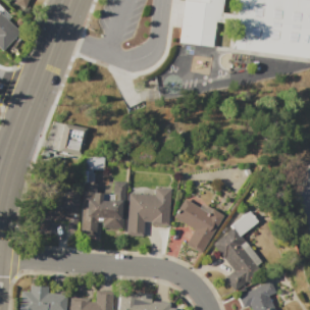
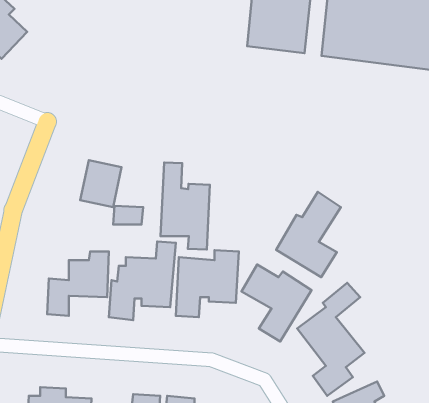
building: none -> [160,163,210,249]
building: none -> [276,192,341,277]

